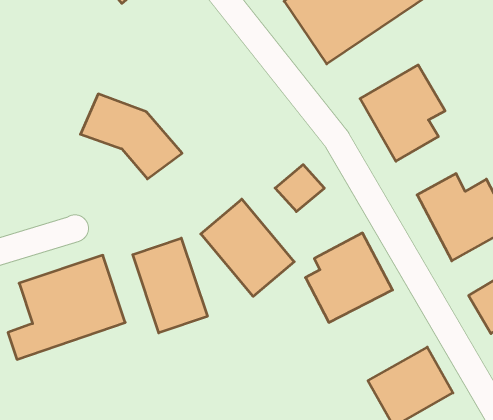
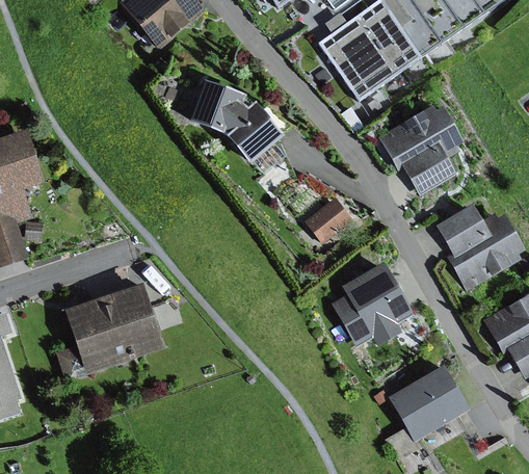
building: [80,94,182,179] -> [189,81,284,160]
building: [201,199,294,296] -> none
building: [133,238,207,333] -> none

